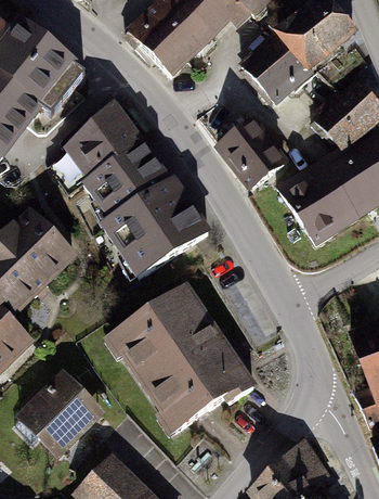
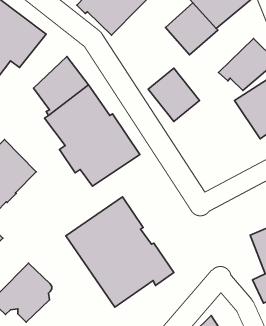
building: [277,159,365,242] -> none

